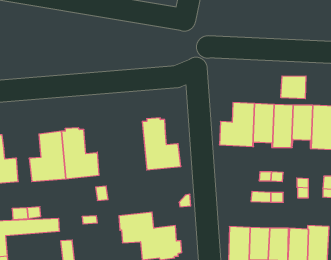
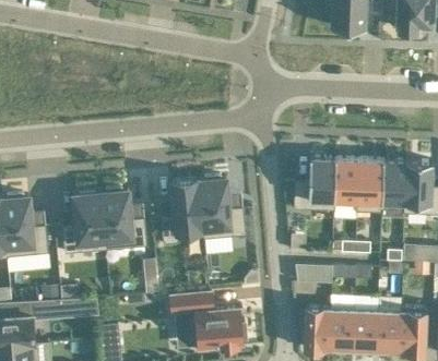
building: [281,76,306,99] -> none
building: none -> [161,180,204,245]
building: none -> [295,265,332,284]

